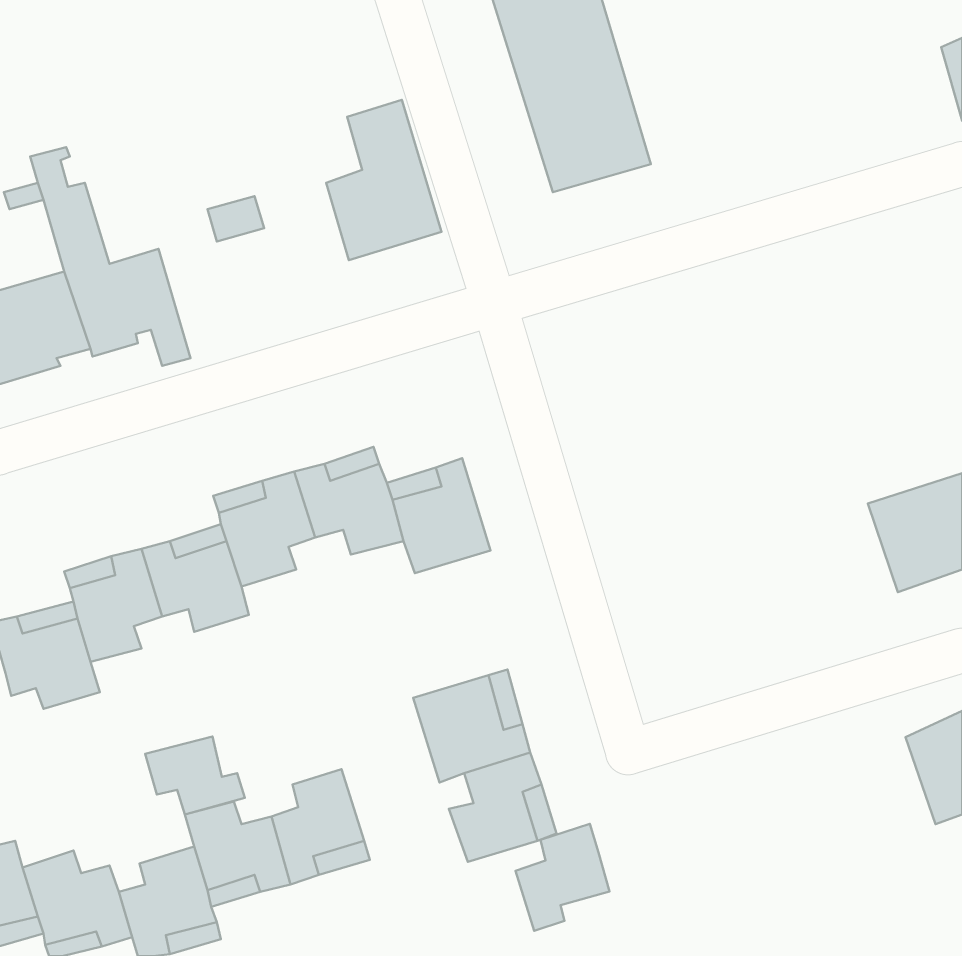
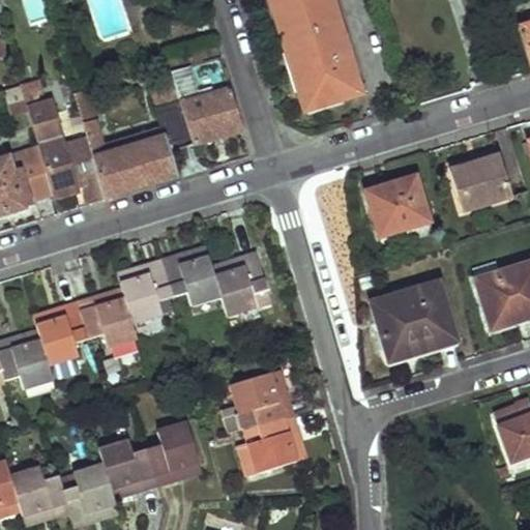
building: none -> [73,88,192,197]
building: none -> [450,151,511,207]
building: none -> [369,175,432,234]
building: none -> [376,278,458,356]
building: [145,737,245,815] -> none
building: [515,824,609,931] -> none

